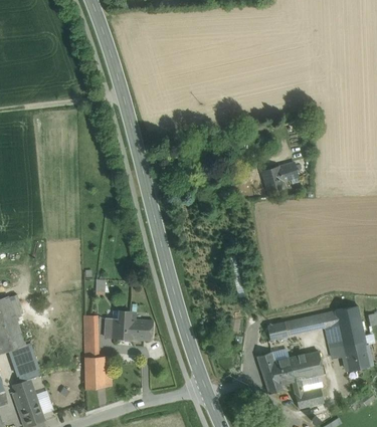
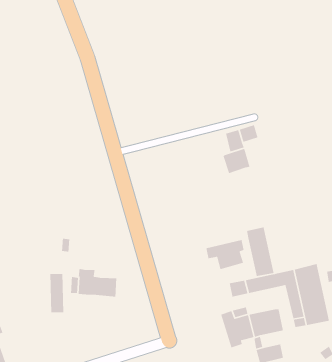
building: none -> [223,148,251,174]
building: none -> [246,226,274,277]
building: none -> [206,239,245,270]
building: [84,357,112,390] -> none

